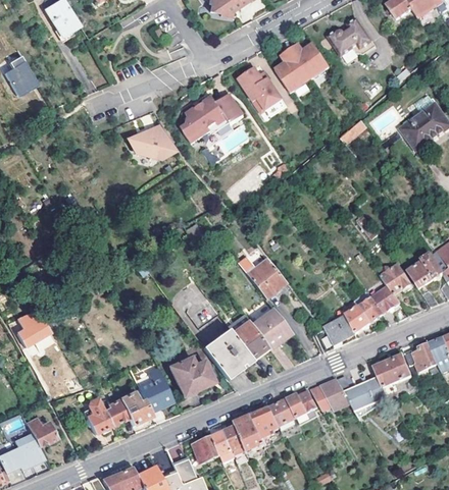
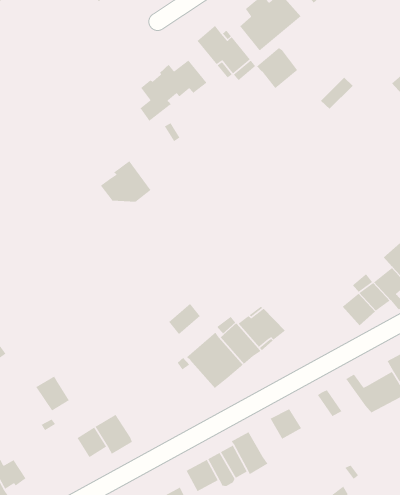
building: none -> [256,47,298,89]
building: [132,122,176,159] -> [100,160,152,202]
building: [236,257,286,298] -> none
building: [318,316,357,350] -> none
building: [169,357,214,395] -> none
building: [138,368,174,411] -> none
building: [321,378,352,410] -> none
building: [288,390,318,417] -> none
building: [84,402,112,433] -> [35,376,70,412]
building: [251,406,280,437] -> none

